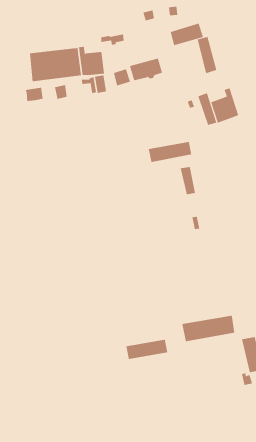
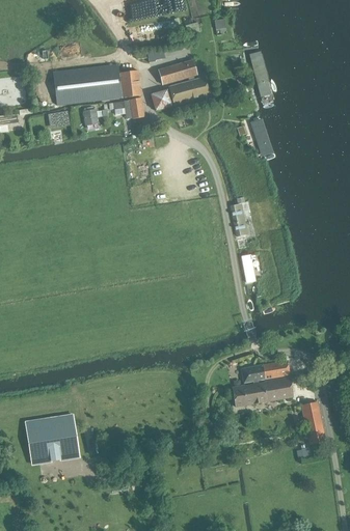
building: [170,23,204,46] -> [158,58,197,85]
building: [210,88,239,123] -> none
building: [148,141,192,163] -> none
building: [126,339,168,360] -> [240,360,290,384]
building: none -> [24,413,80,465]

